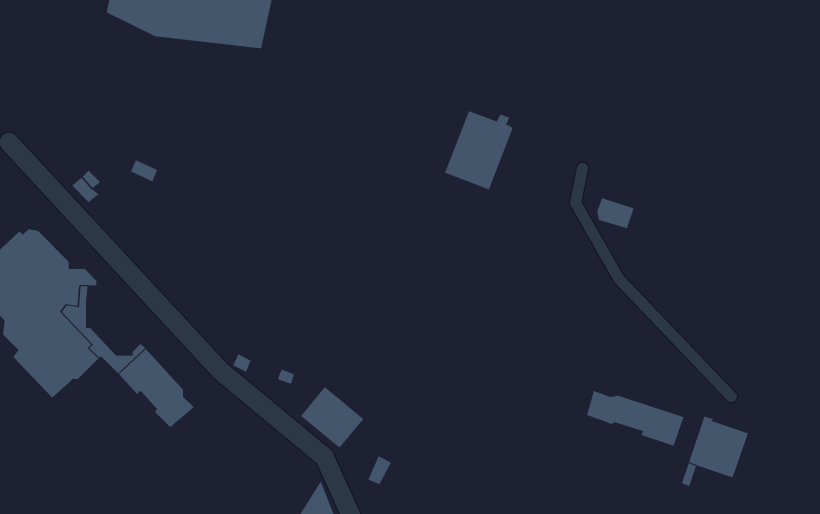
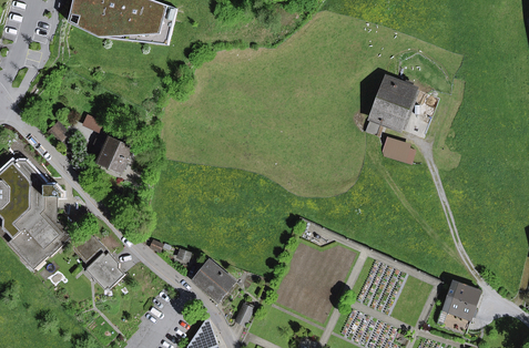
building: [444,110,514,190] -> [370,78,415,129]
building: none -> [93,134,133,173]
building: [587,390,684,446] -> none

